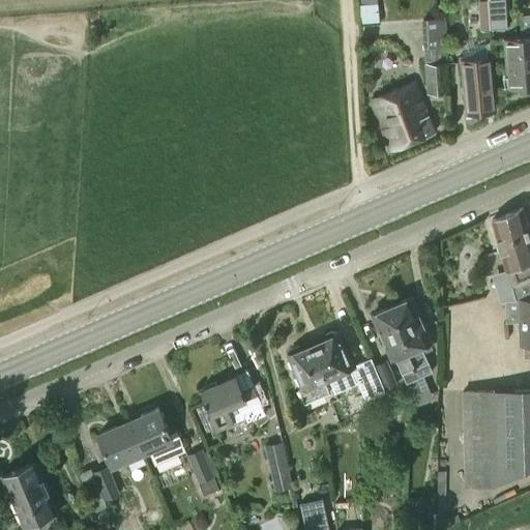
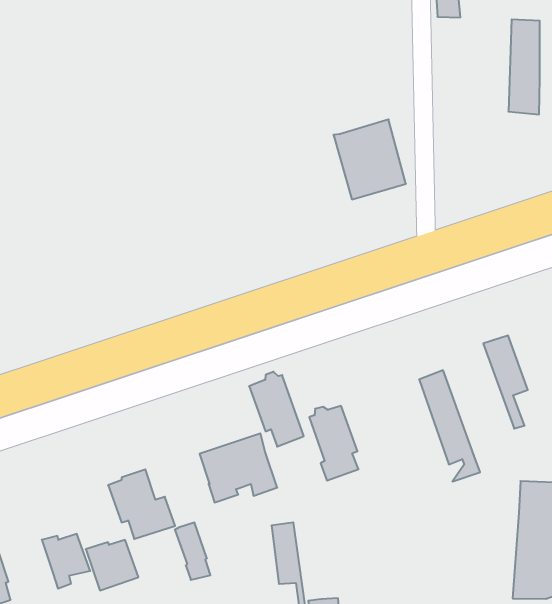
building: [371,83,433,150] -> [333,119,406,199]
building: [391,300,431,375] -> [483,336,528,429]
building: [312,331,359,391] -> [249,372,304,447]
building: [361,362,396,398] -> none
building: [98,425,143,468] -> [86,540,138,590]

